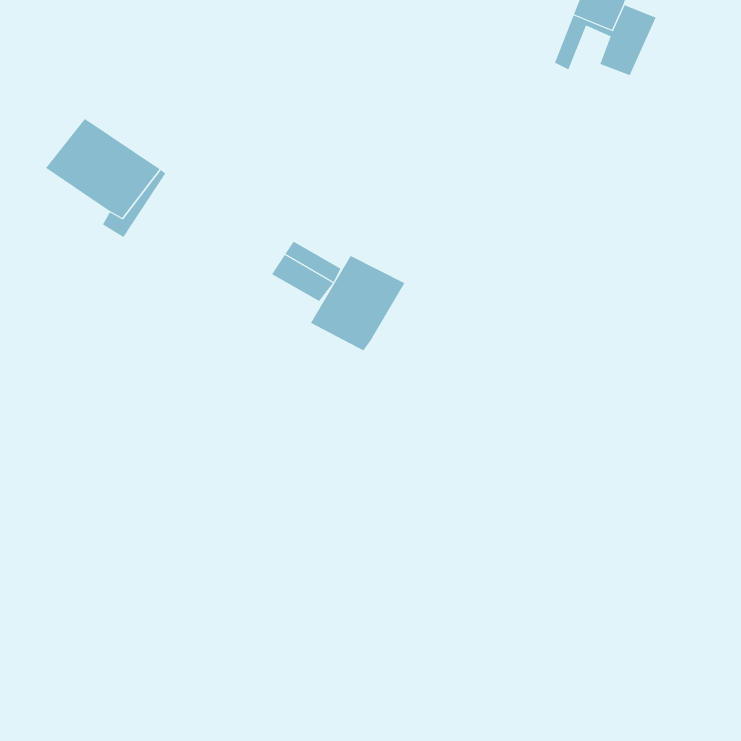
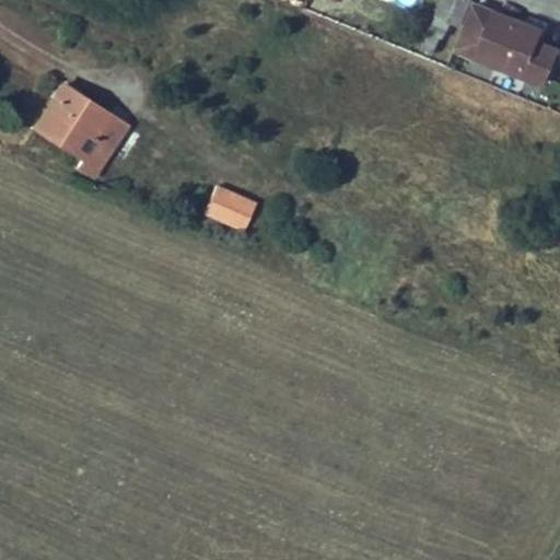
building: none -> [476,13,553,84]
building: [310,255,405,351] -> none

